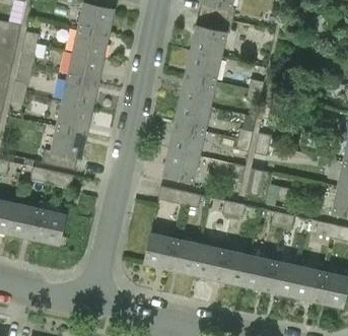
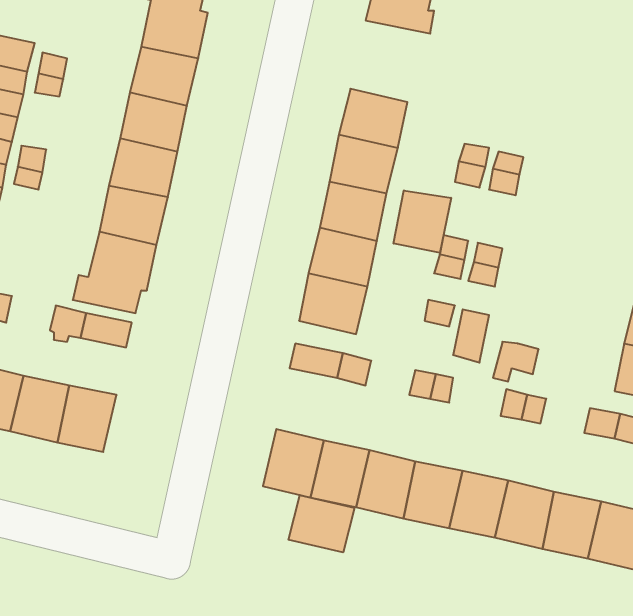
building: [190,14,232,58] -> none
building: none -> [394,190,451,253]
building: none -> [288,495,355,552]

